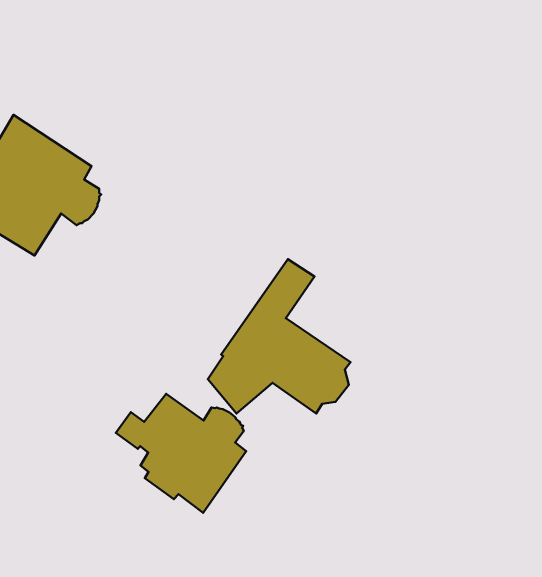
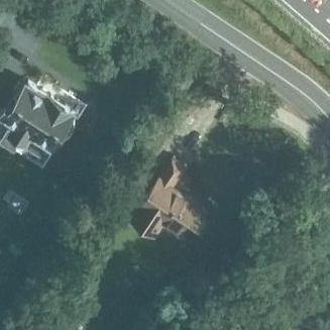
building: [116,394,246,513] -> none

